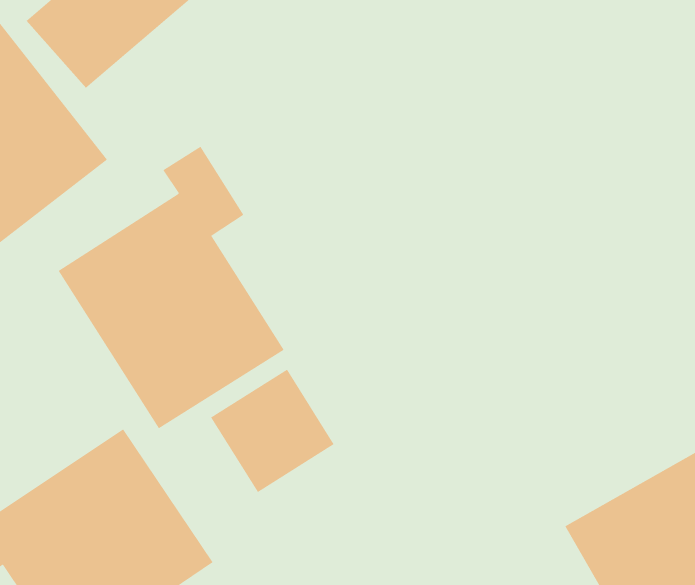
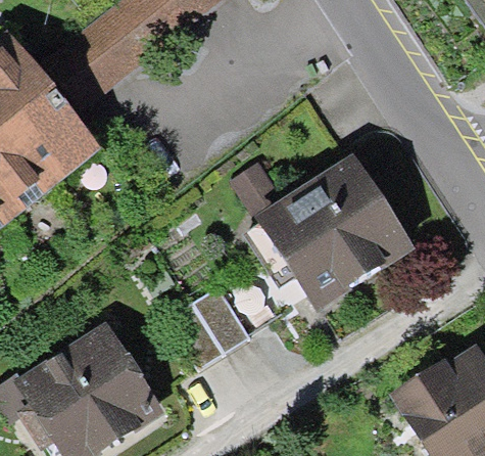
building: [58,146,285,429] -> none
building: none -> [256,153,415,309]

